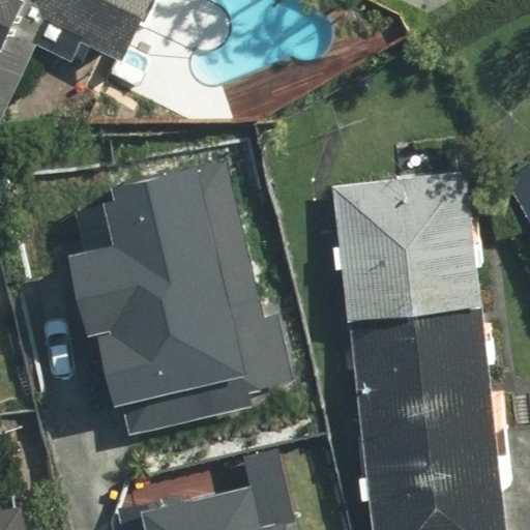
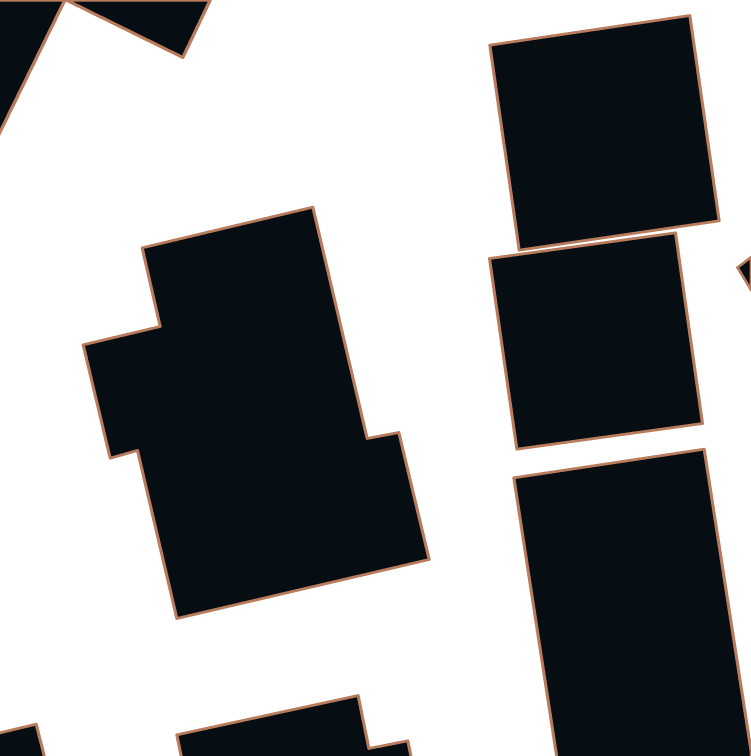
building: none -> [490,16,719,250]

